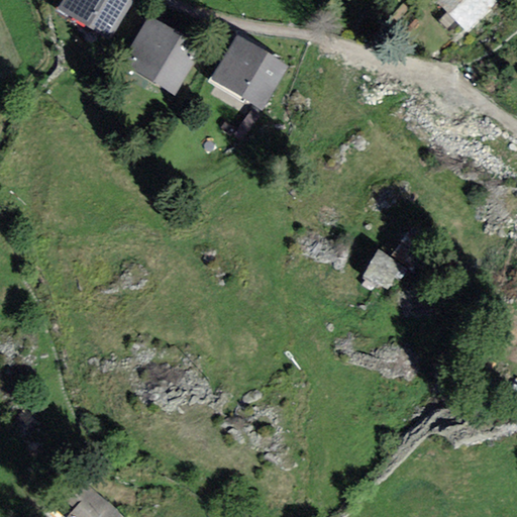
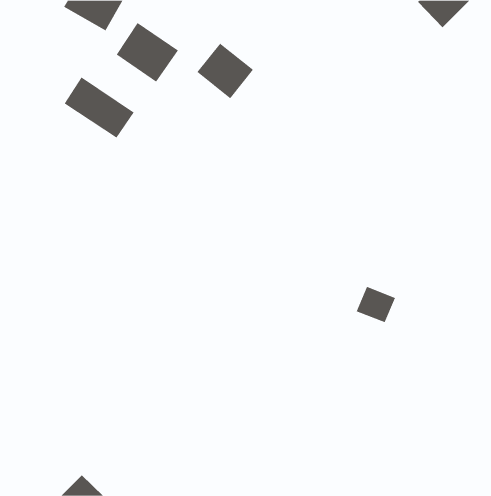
building: none -> [64,76,135,139]
building: [373,247,414,286] -> [356,286,396,323]

